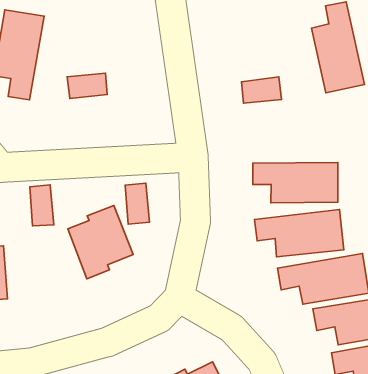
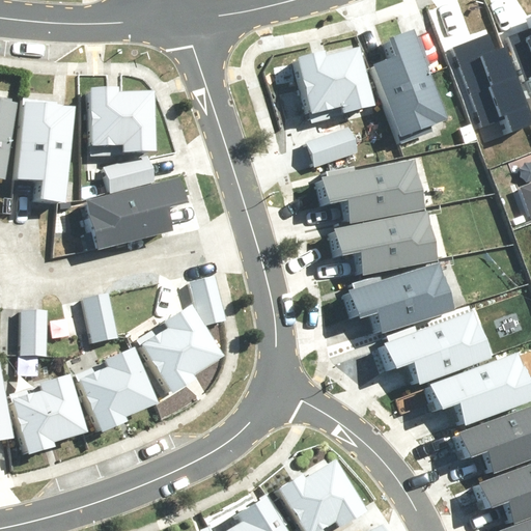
building: none -> [93,87,153,153]
building: none -> [294,48,368,115]
building: none -> [82,179,184,250]
building: none -> [323,165,426,223]
building: none -> [81,346,156,430]

